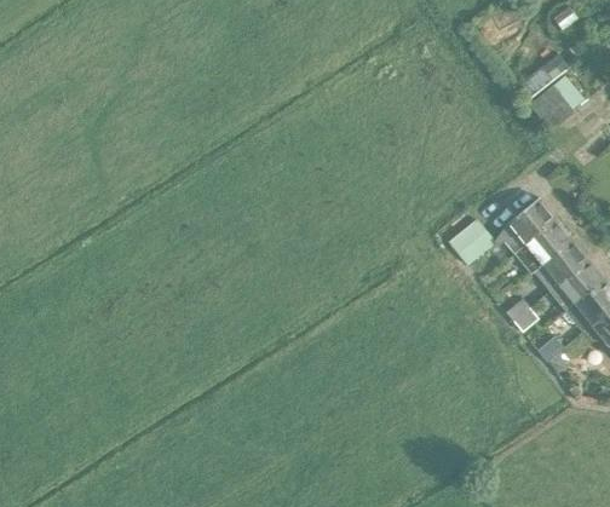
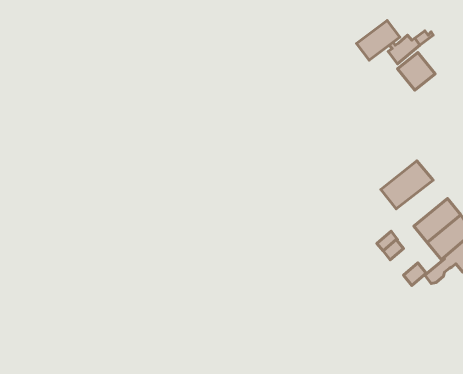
building: none -> [356,20,400,60]
building: [450,197,553,264] -> none
building: [529,236,589,290] -> none

